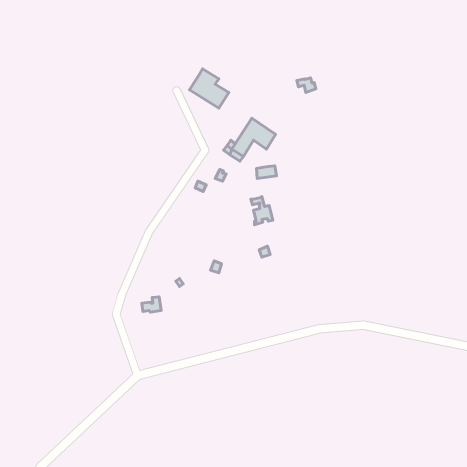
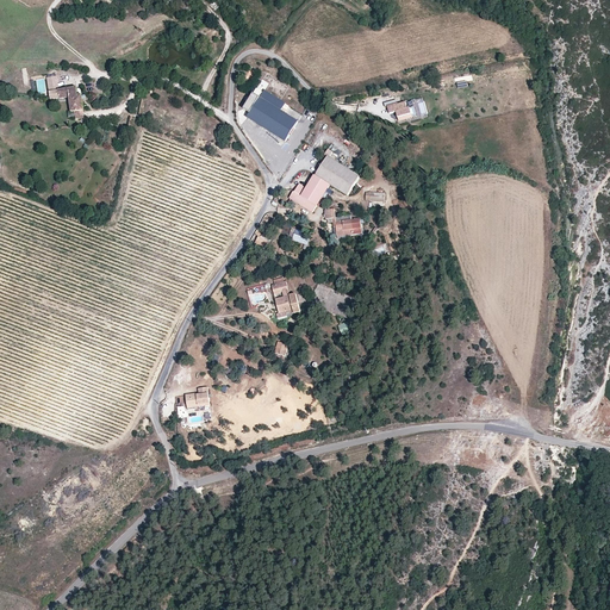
building: none -> [46,75,83,116]
building: [251,196,273,225] -> [272,280,300,317]

